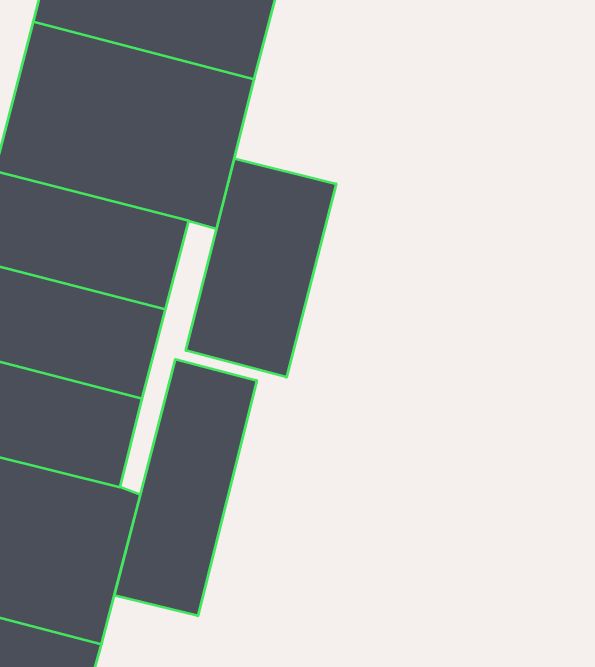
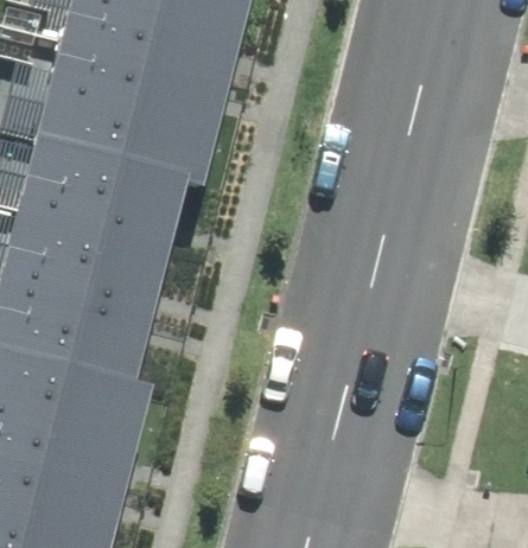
building: [186,158,336,377] -> none
building: [115,359,257,616] -> none

